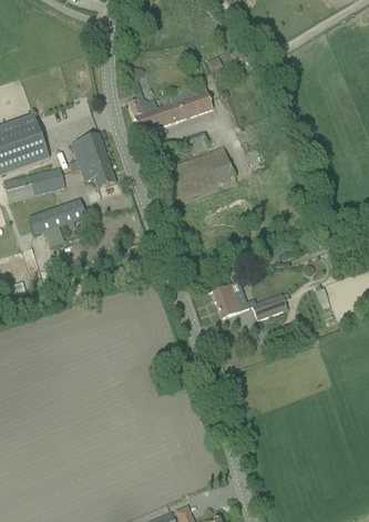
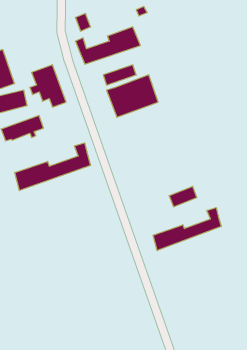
building: none -> [15,143,90,191]
building: [212,280,248,316] -> none
building: none -> [153,208,221,251]

